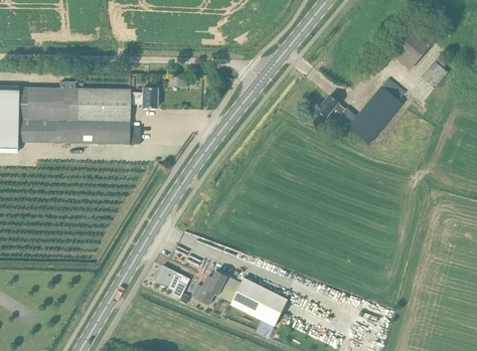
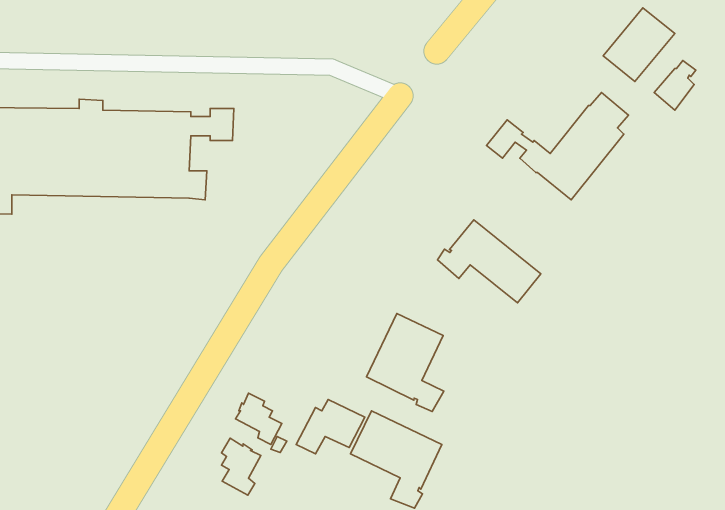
building: none -> [437,220,541,303]
building: none -> [367,314,444,411]
building: none -> [221,438,261,495]

